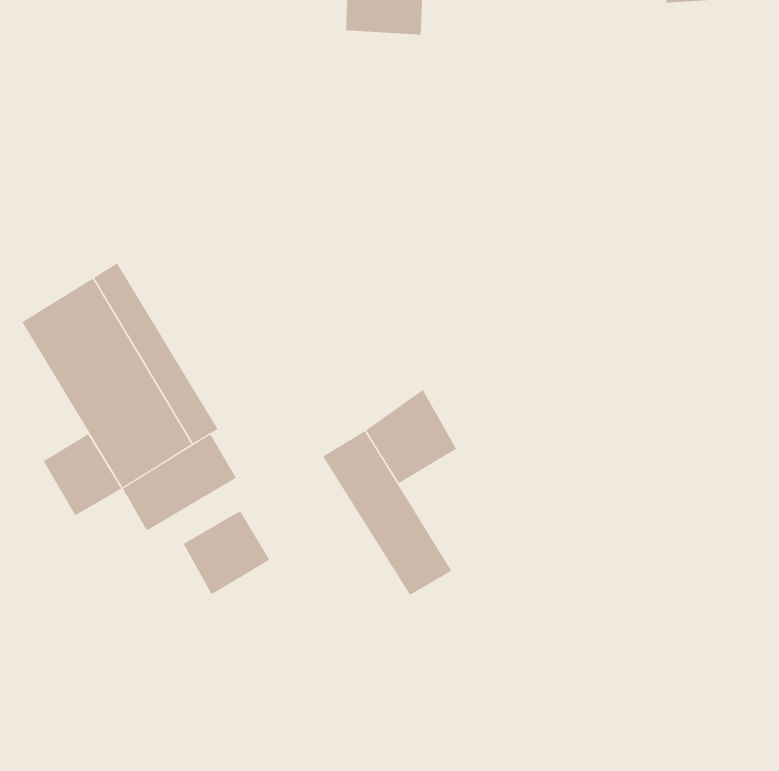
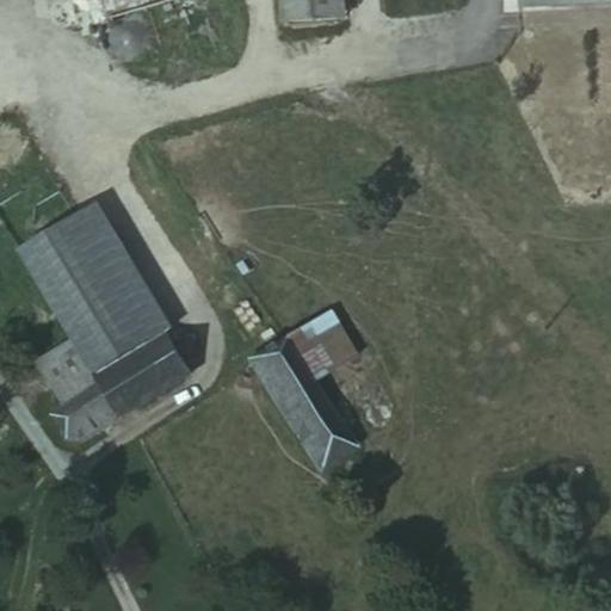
building: none -> [60,382,116,437]
building: [183,510,270,595] -> none

